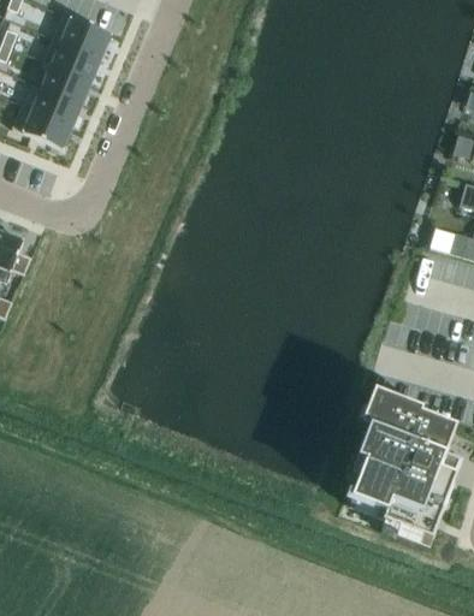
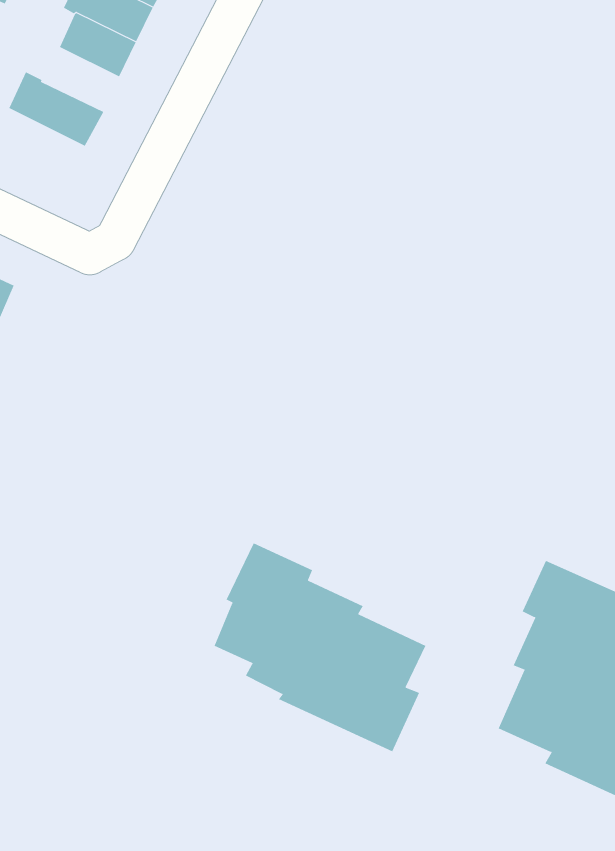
building: [32,84,82,124] -> none
building: none -> [214,543,426,752]

